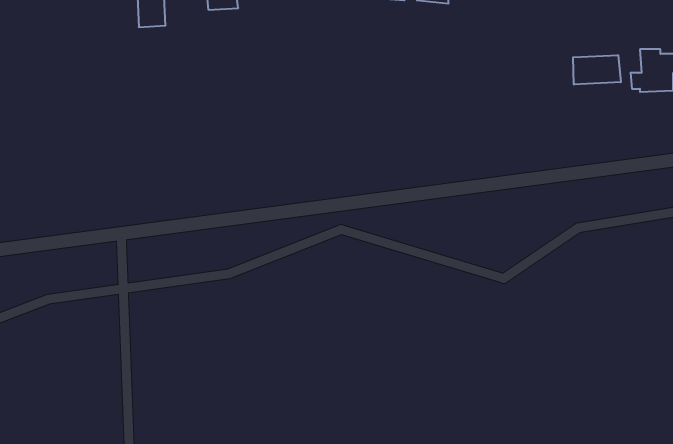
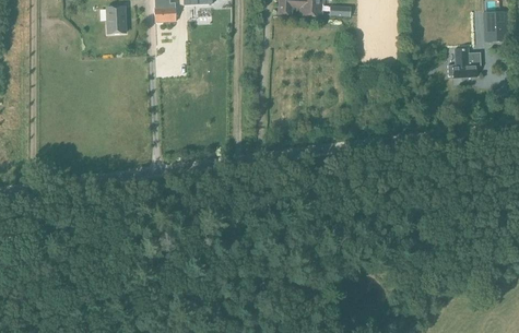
building: [573,55,621,85] -> none

